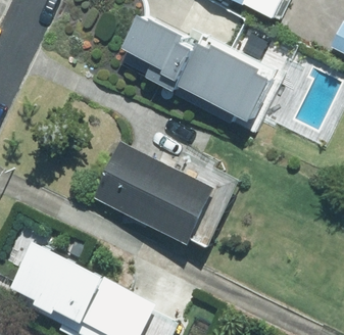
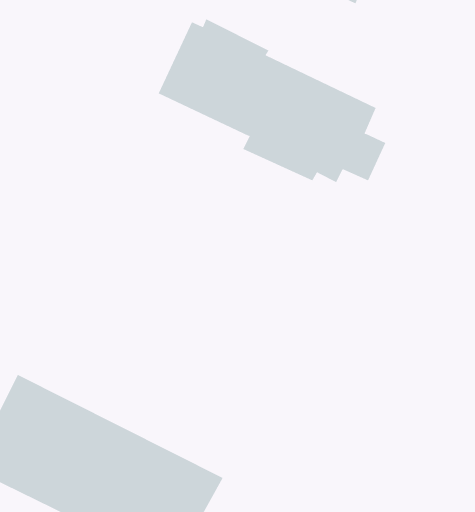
building: [92,140,215,244] -> none

